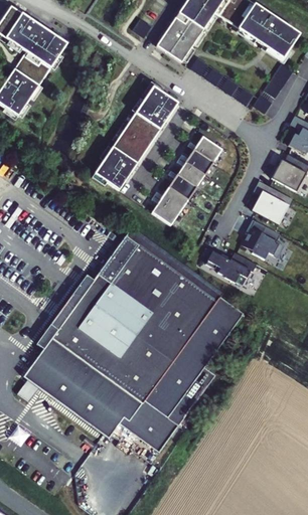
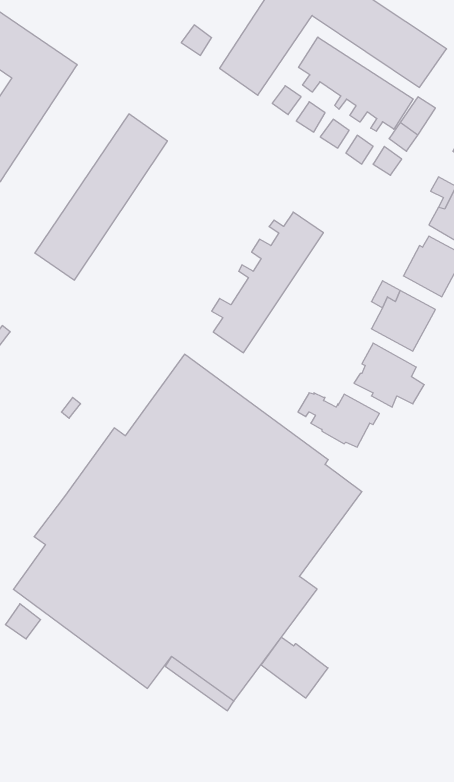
building: none -> [299,37,413,131]
building: [94,87,177,191] -> [35,114,167,280]
building: none -> [261,637,328,698]

